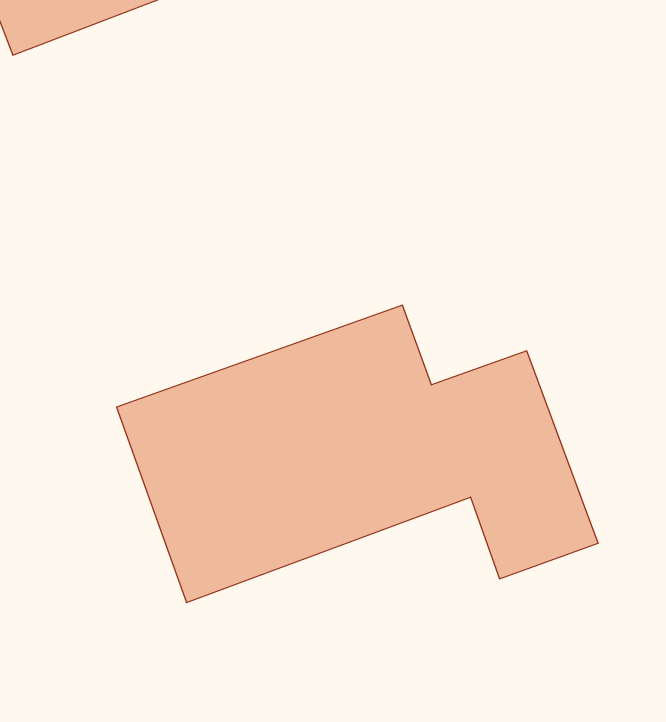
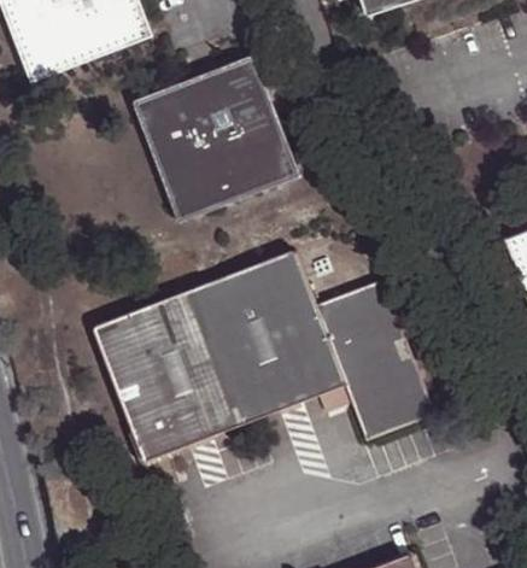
building: none -> [131,47,300,215]

